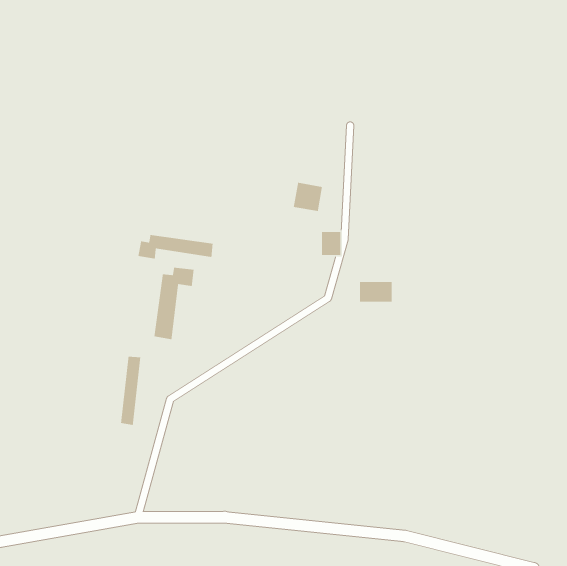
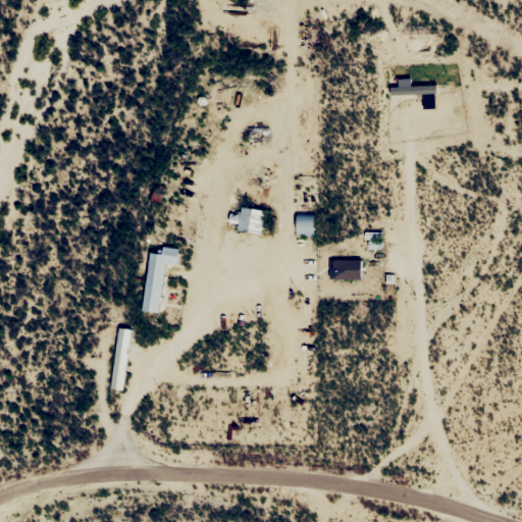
building: [293,182,323,212] -> [237,207,264,234]
building: [138,234,214,259] -> none

